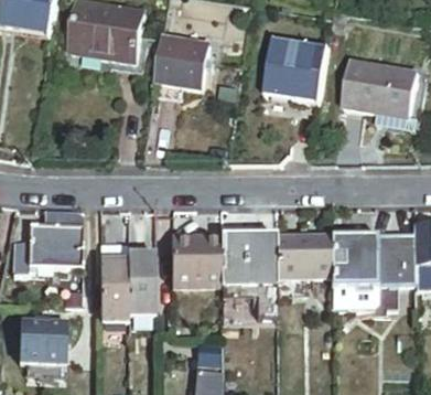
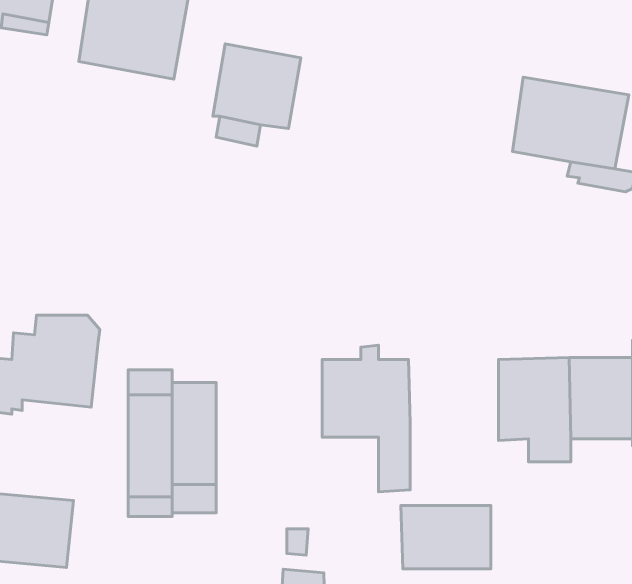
building: [259,36,326,103] -> none
building: [173,235,222,285] -> none
building: [276,235,332,275] -> [401,505,491,569]

